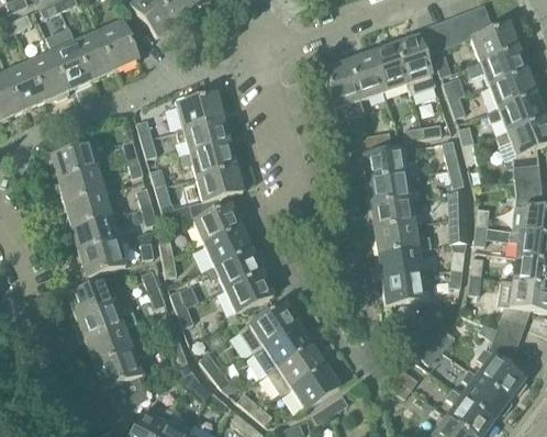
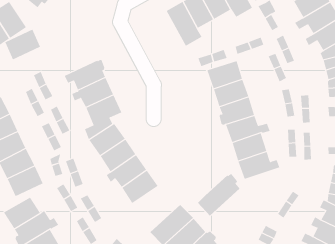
building: [177,91,223,127] -> [4,29,41,60]
building: [238,301,298,351] -> [197,174,241,217]

